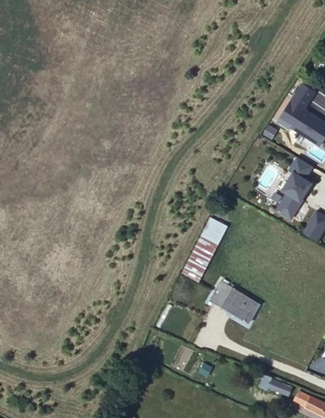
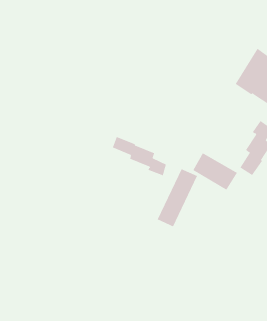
building: none -> [112,136,167,176]
building: [207,282,258,324] -> [192,153,238,191]

